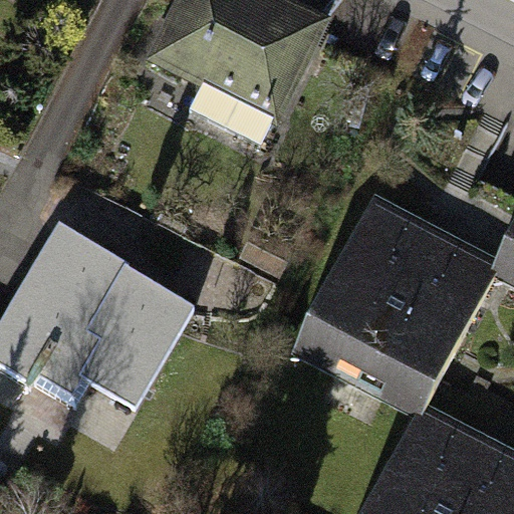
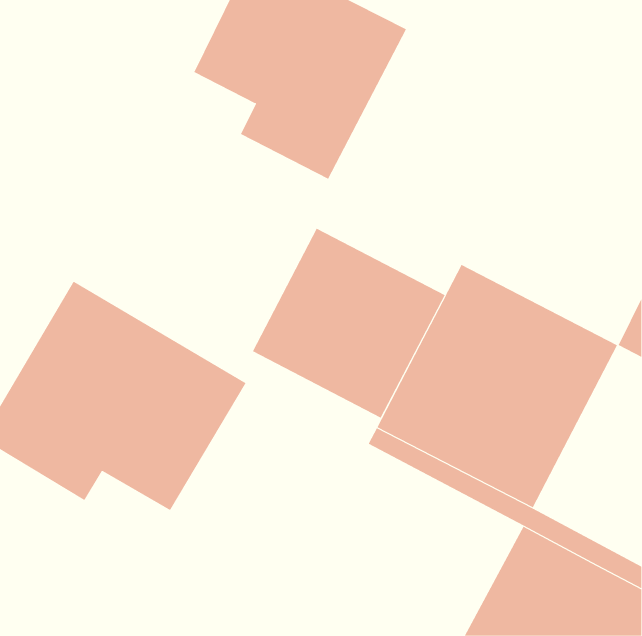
building: none -> [252,228,445,418]

